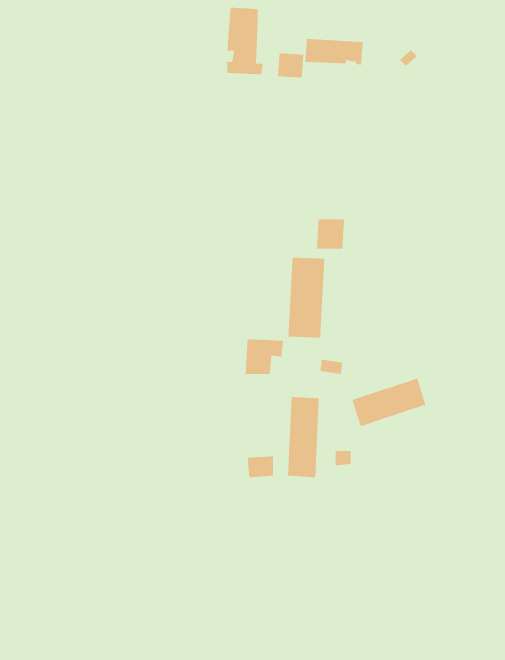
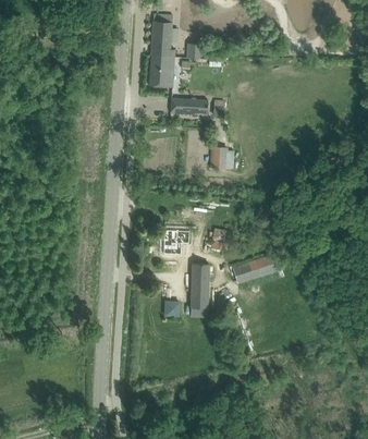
building: [304,38,364,66] -> [170,98,208,115]
building: none -> [149,56,174,87]
building: [288,257,325,339] -> none

